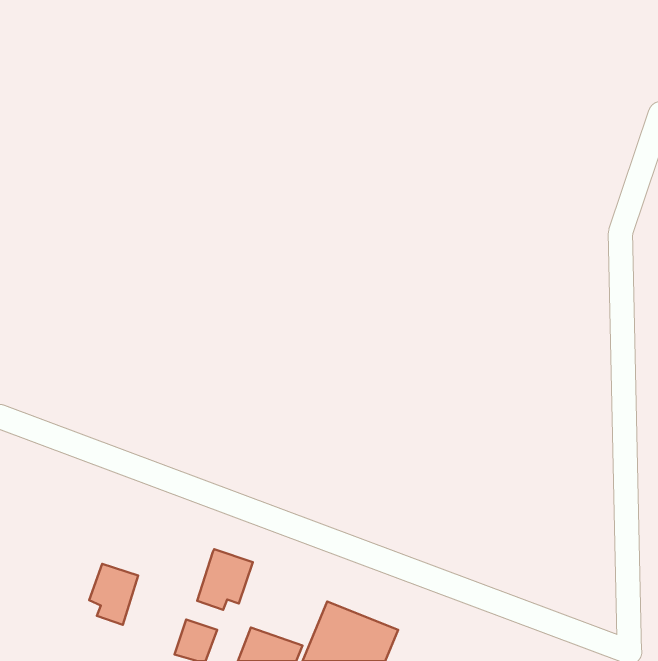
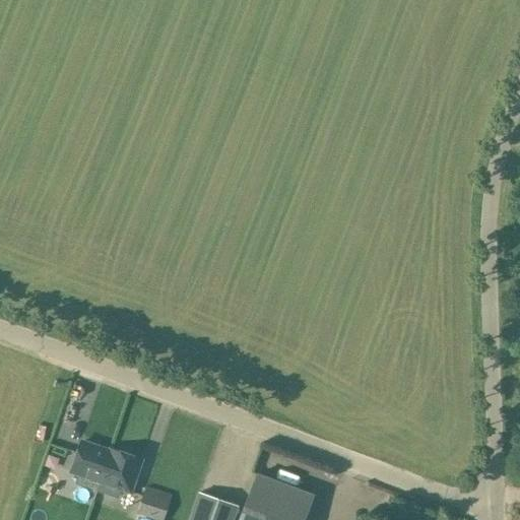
building: [197,549,253,610] -> [99,450,142,498]

